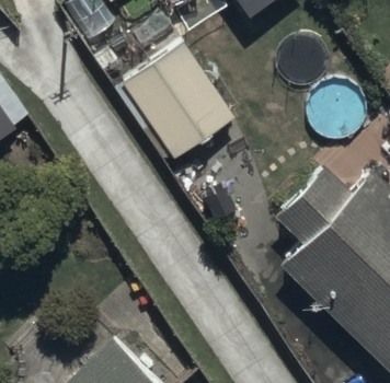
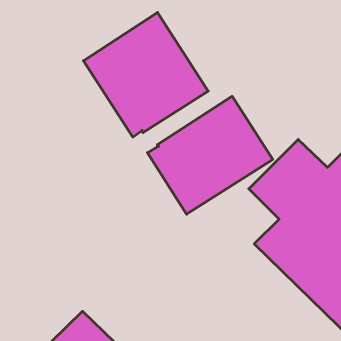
building: none -> [147,96,273,214]

